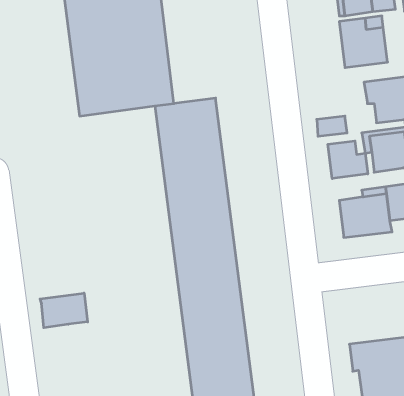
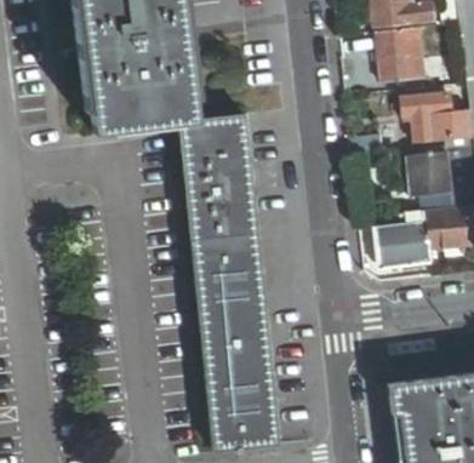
building: [328,141,368,179] -> none
building: [40,293,88,328] -> none

